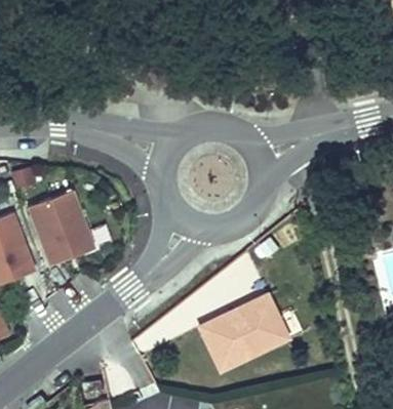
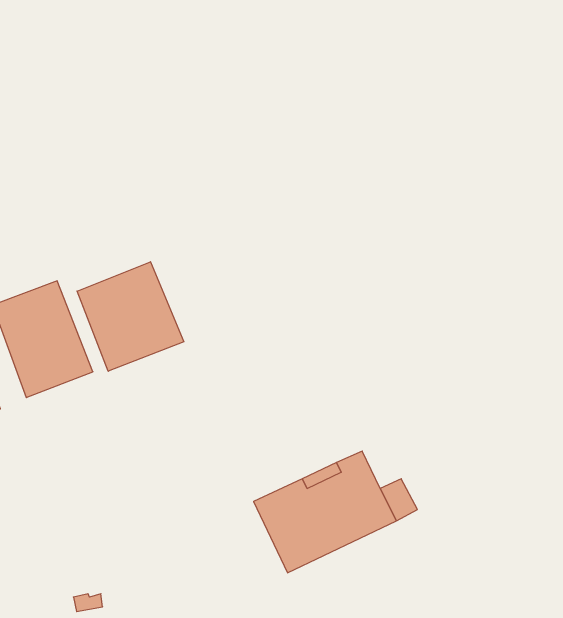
building: none -> [77,262,184,371]

